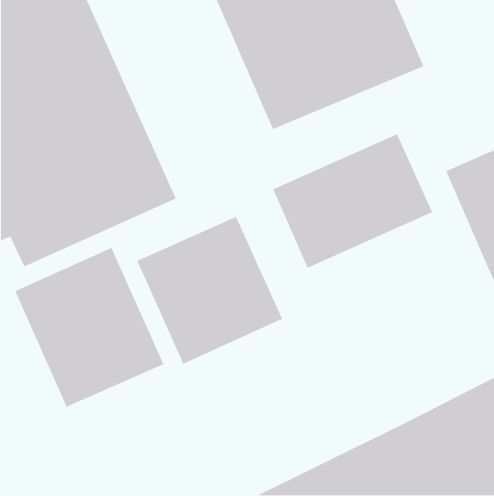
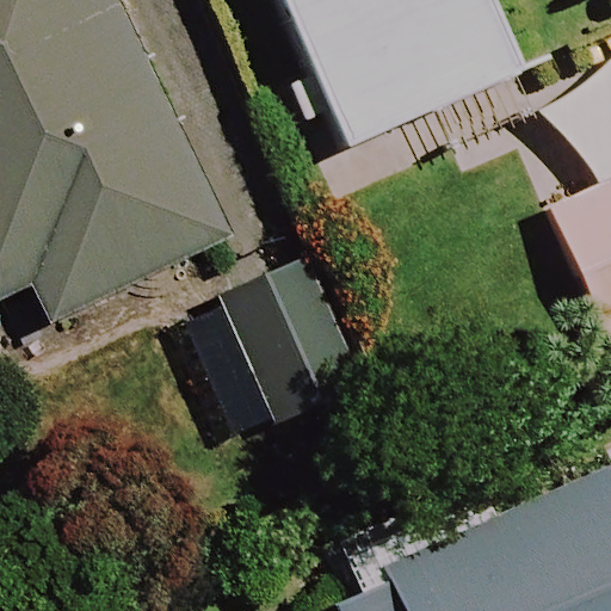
building: [272,133,433,269] -> none
building: [14,247,164,408] -> none

